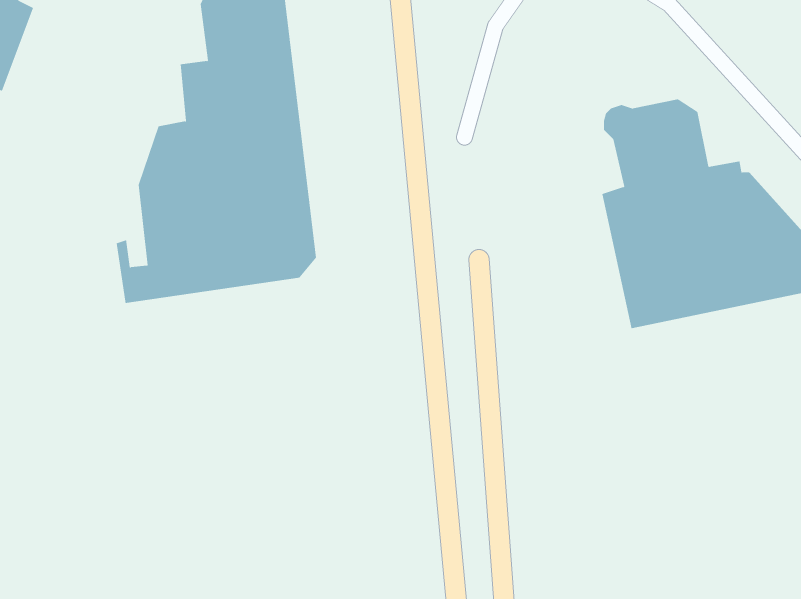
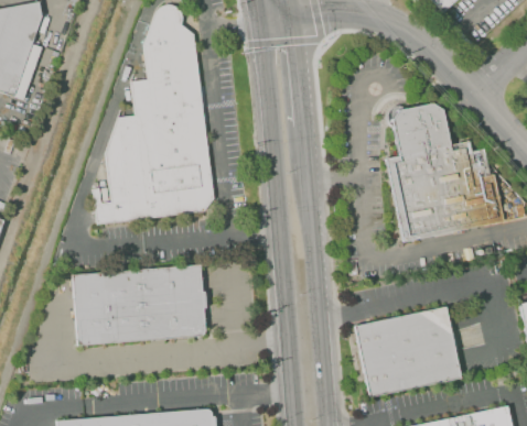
building: none -> [71,264,205,346]
building: none -> [354,306,462,398]

